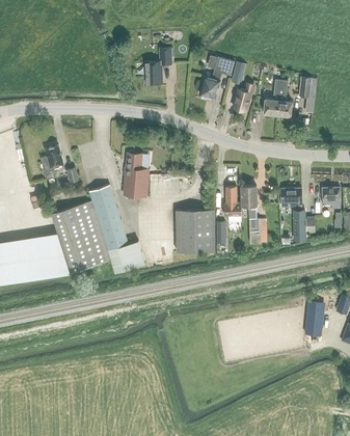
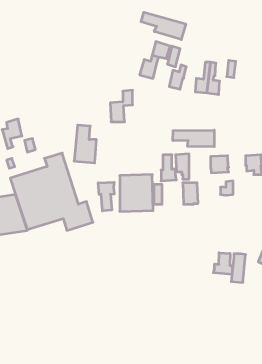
building: none -> [141,12,186,40]
building: [144,48,170,84] -> [110,90,133,122]
building: none -> [173,130,214,147]
building: none -> [98,182,114,211]
building: none -> [213,253,232,274]

